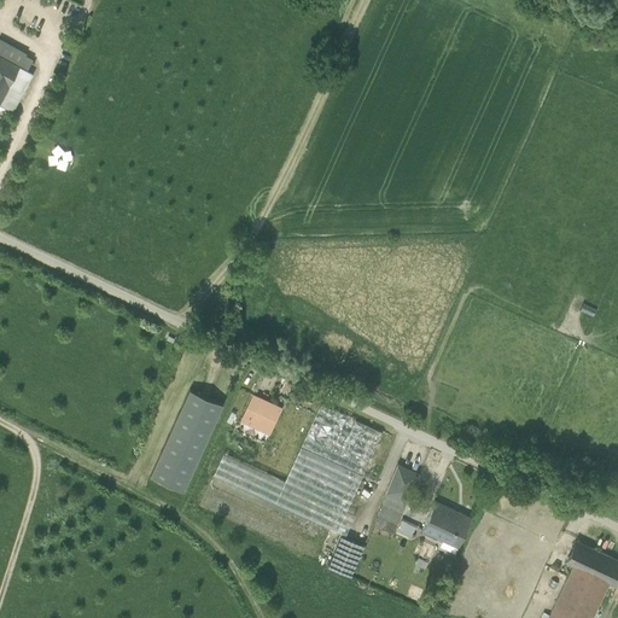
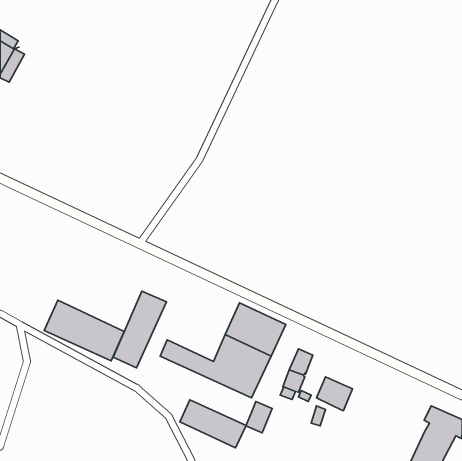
building: [243,397,279,432] -> none
building: none -> [44,300,124,361]
building: none -> [180,400,246,448]

